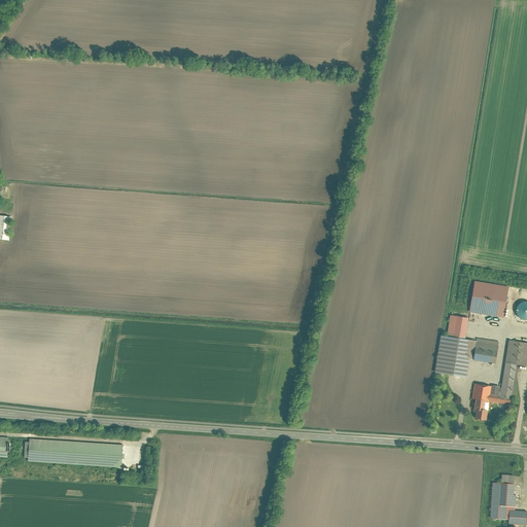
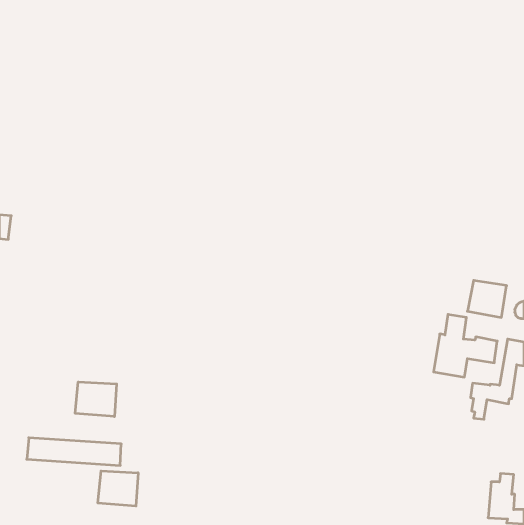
building: none -> [75,382,117,417]
building: none -> [98,471,138,506]

